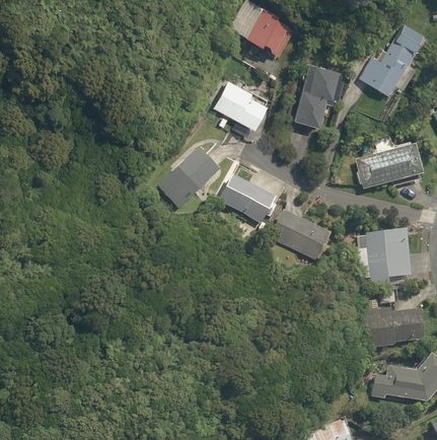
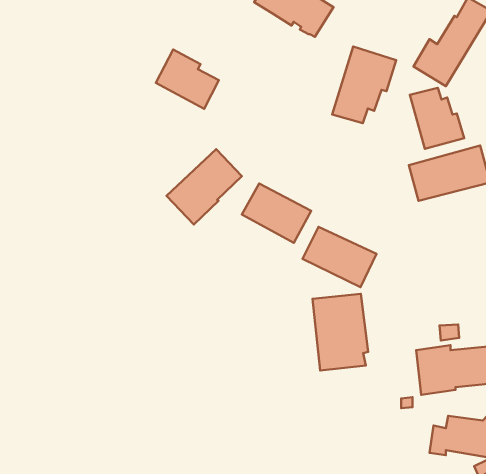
building: [215,80,267,129] -> [156,49,219,109]
building: none -> [410,88,464,149]
building: [364,227,410,290] -> [313,294,368,370]

